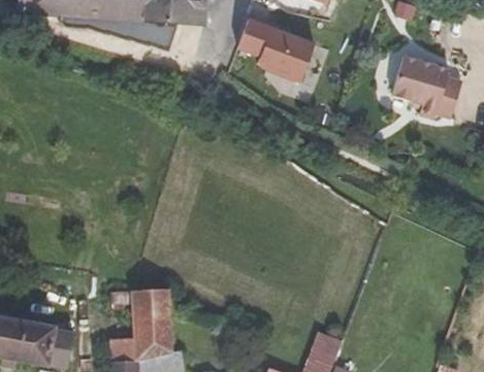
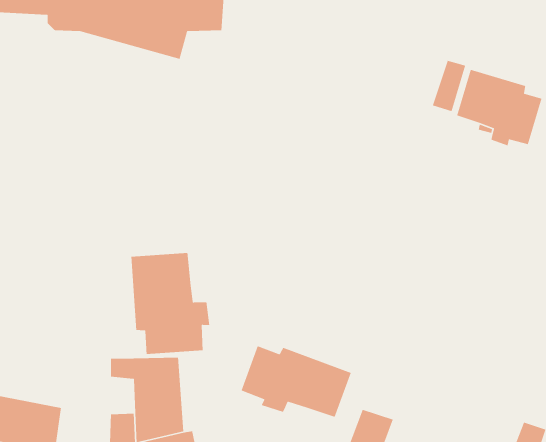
building: [239,18,316,79] -> none
building: none -> [131,252,210,355]
building: none -> [240,345,352,418]

